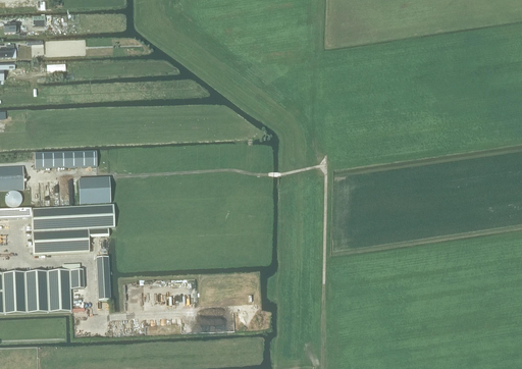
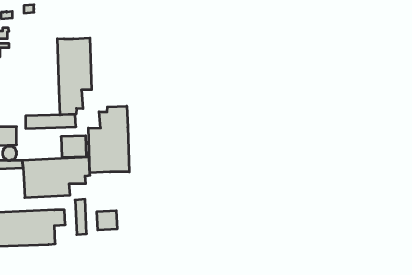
building: none -> [57,38,92,115]
building: none -> [88,106,129,173]
building: none -> [97,211,117,230]

